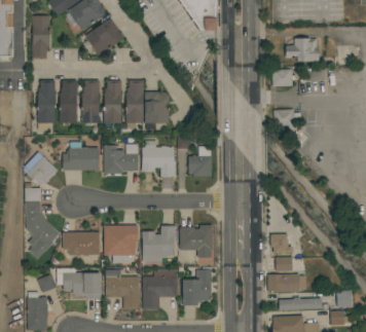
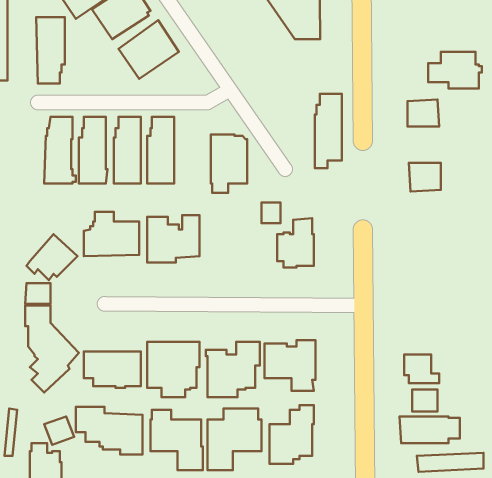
building: [126,80,144,128] -> [315,94,342,168]
building: [142,141,176,177] -> none

